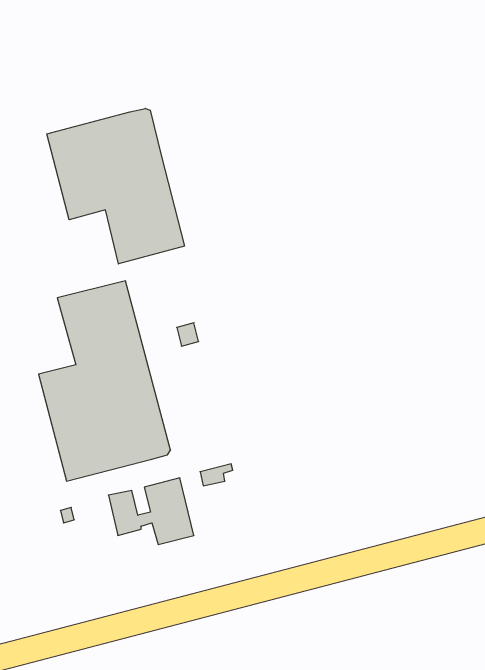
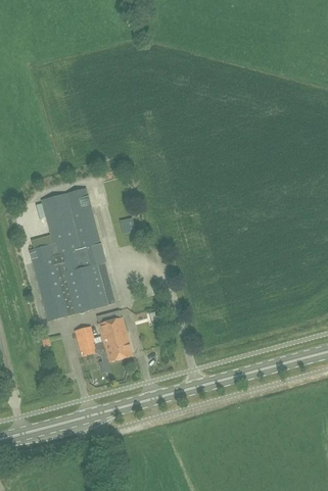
building: [47,108,185,264] -> none

